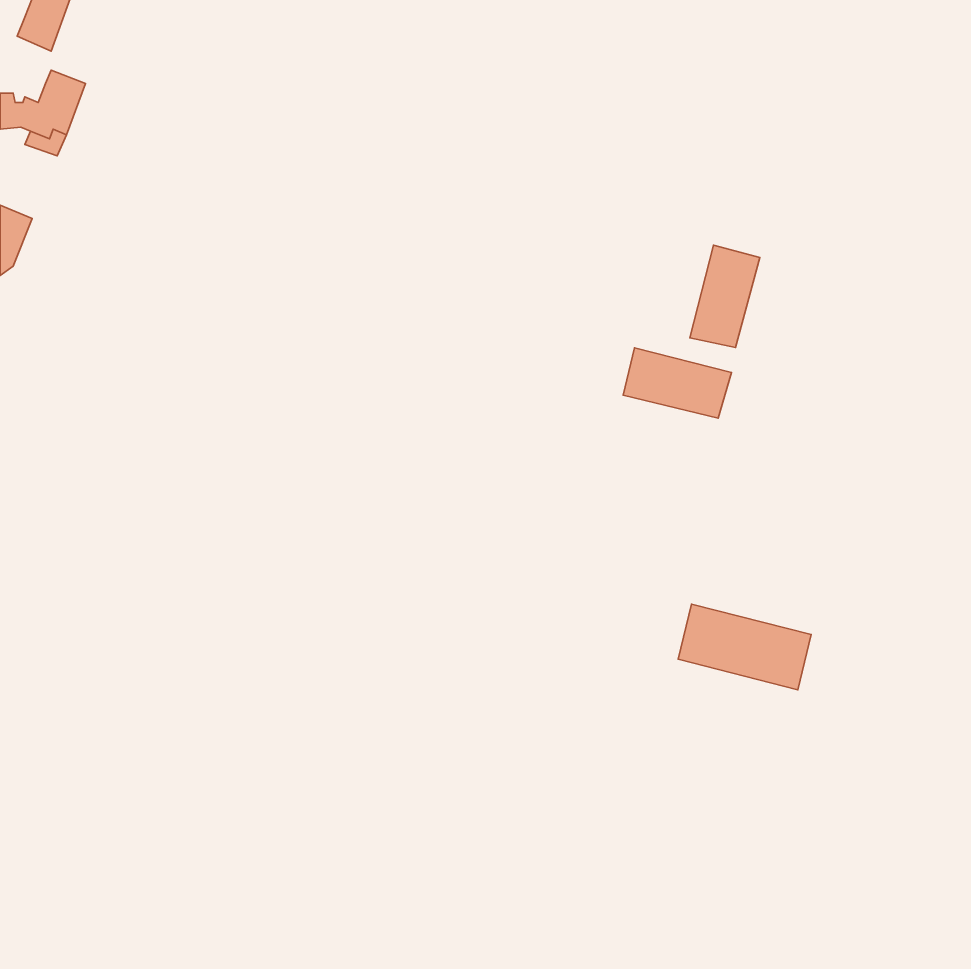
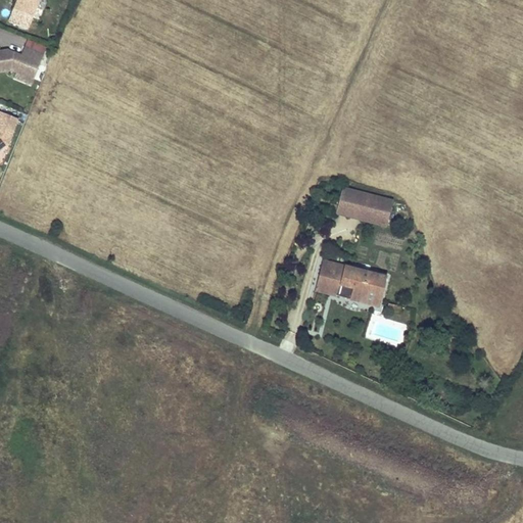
building: [690,245,760,348] -> none
building: [678,604,811,690] -> [315,259,386,305]

